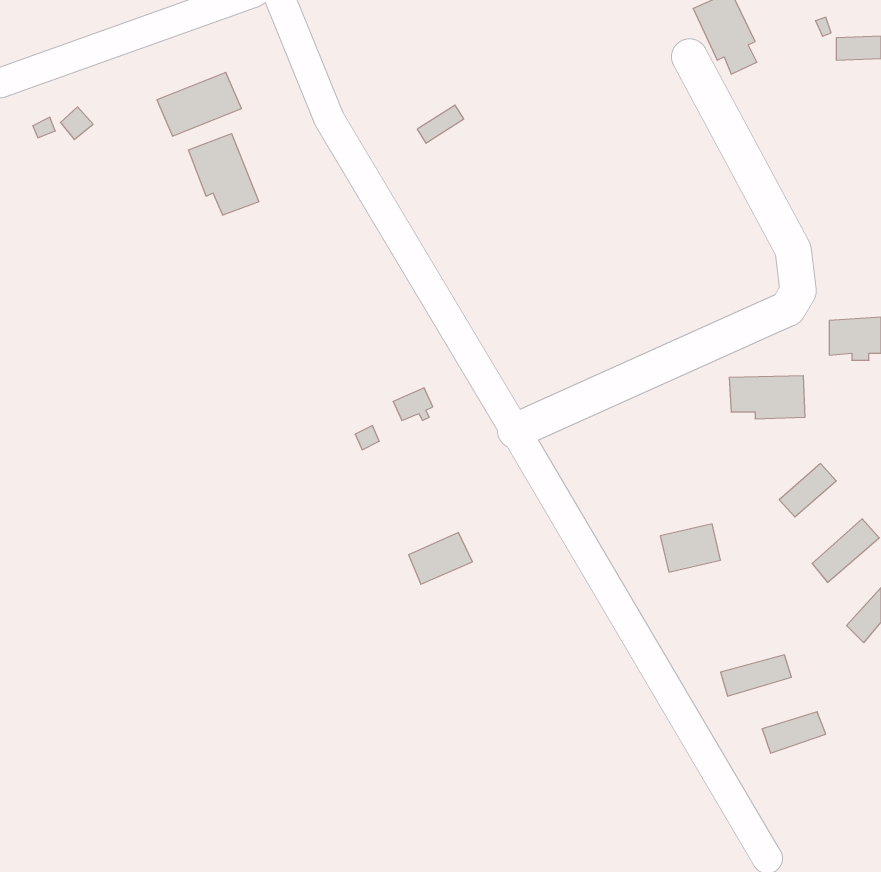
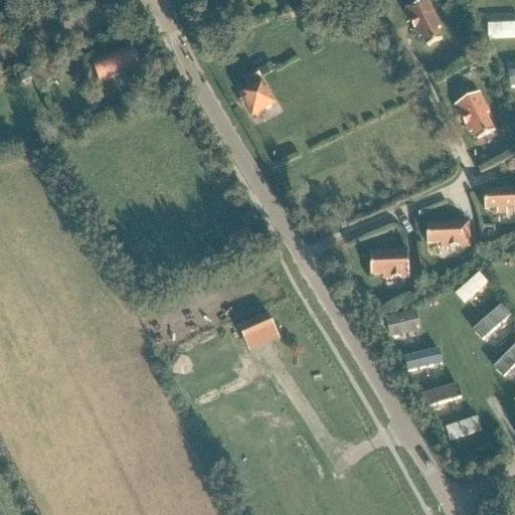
building: [188,134,259,215] -> none
building: none -> [240,79,275,114]
building: none -> [455,91,494,137]
building: none -> [370,247,408,276]
building: none -> [405,347,444,371]

